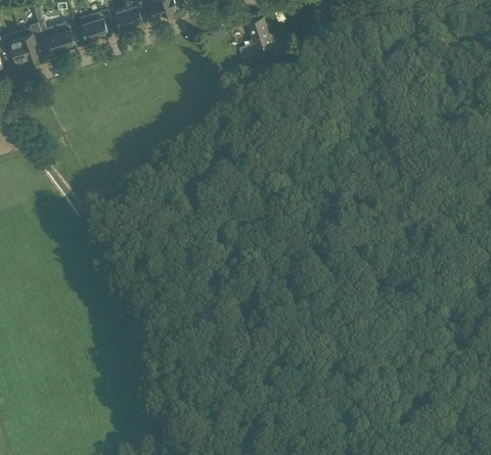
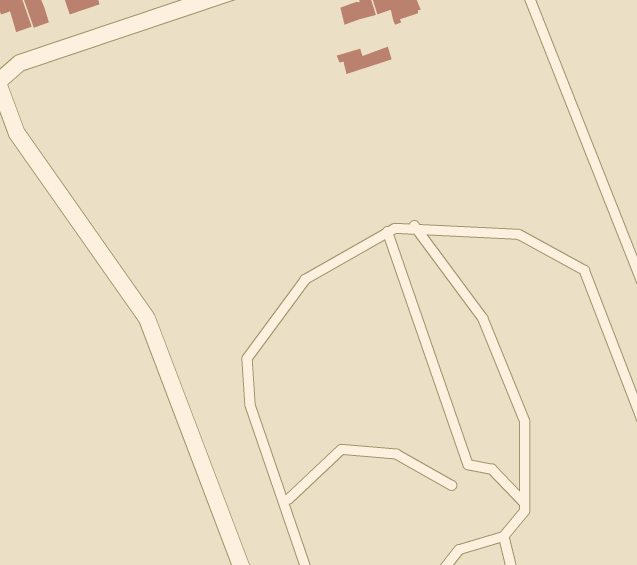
building: none -> [336,46,395,75]

